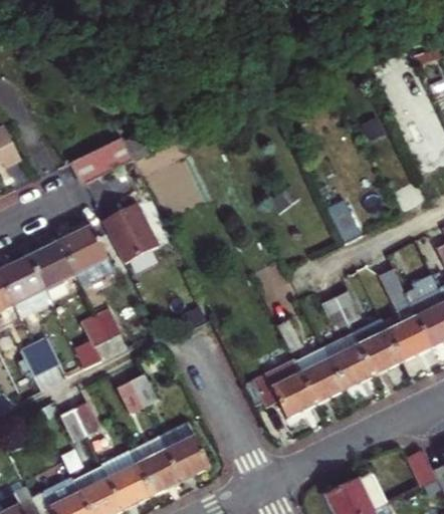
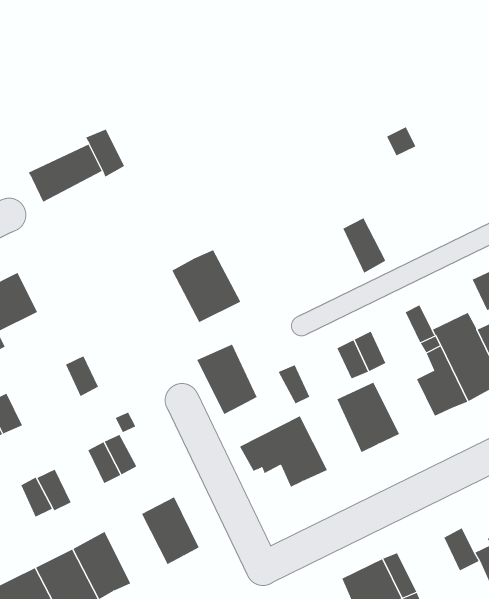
building: [101,206,158,265] -> [171,249,241,323]
building: [62,227,116,287] -> none
building: [77,317,113,371] -> none
building: [350,317,399,373] -> none
building: [290,345,340,403] -> [196,344,257,415]
building: [133,438,183,494] -> none

